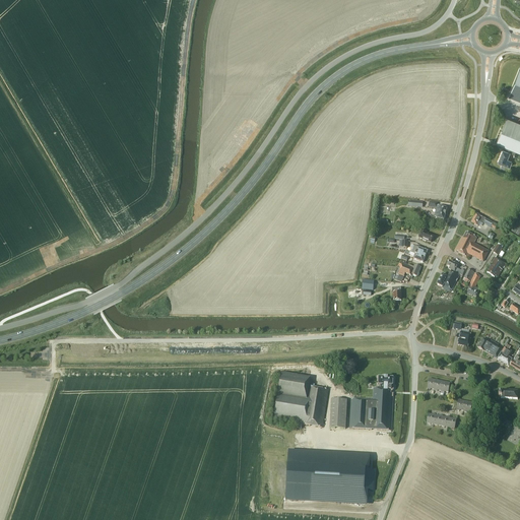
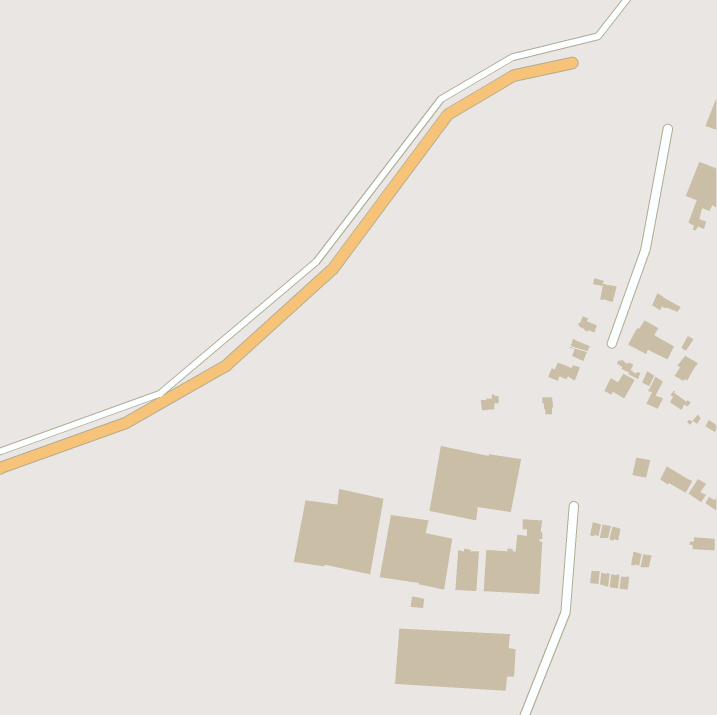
building: none -> [429,445,522,521]
building: none -> [293,488,384,575]

